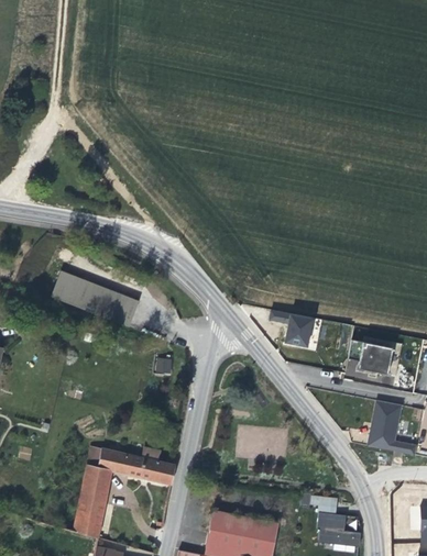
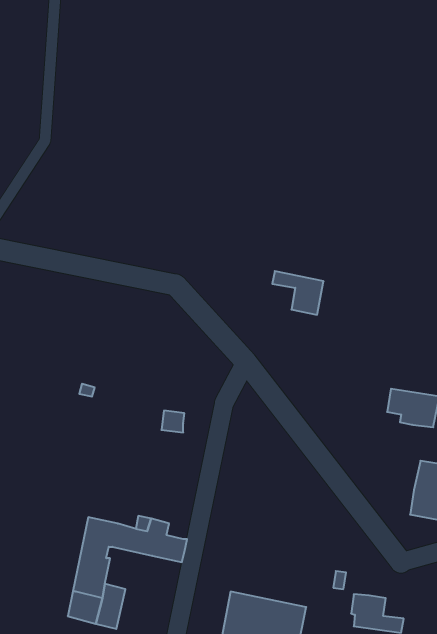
building: [50,270,140,327] -> none
building: [269,310,313,347] -> [272,271,324,315]

